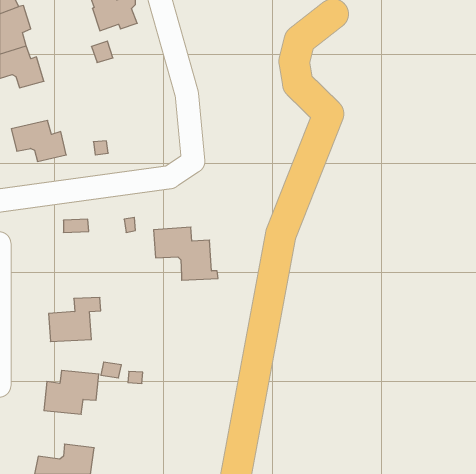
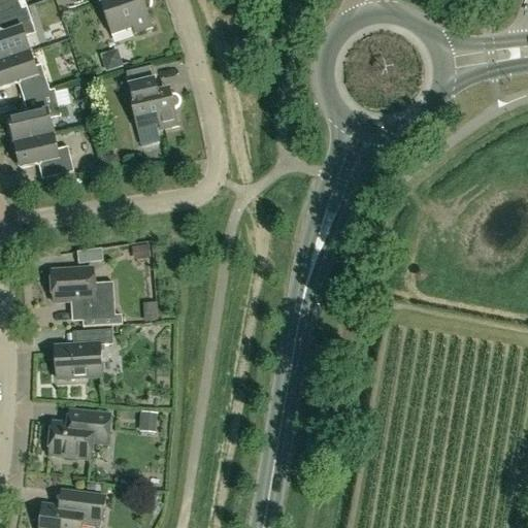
building: none -> [125,65,178,144]
building: none -> [7,88,60,142]
building: [154,227,218,280] -> [51,267,122,326]

